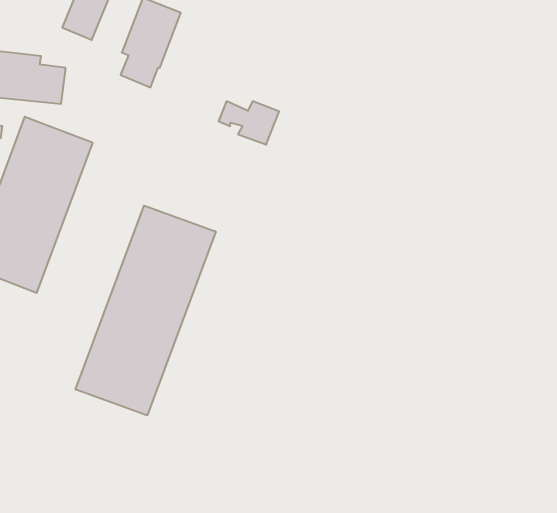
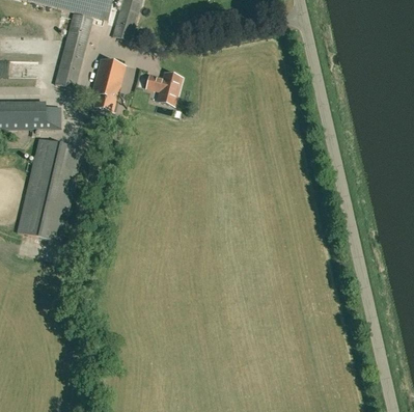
building: [219,101,279,145] -> [146,72,182,97]
building: [76,206,216,415] -> none

